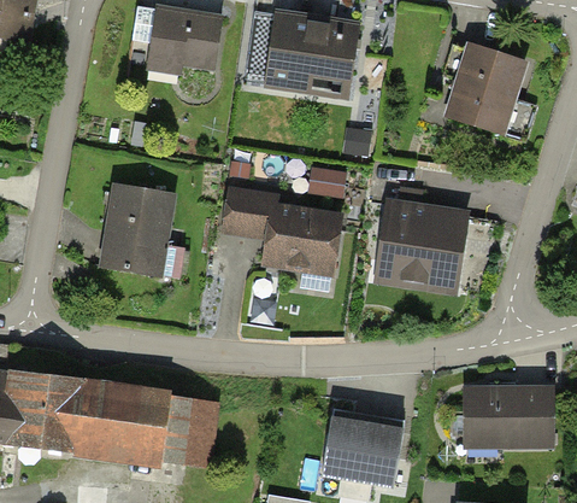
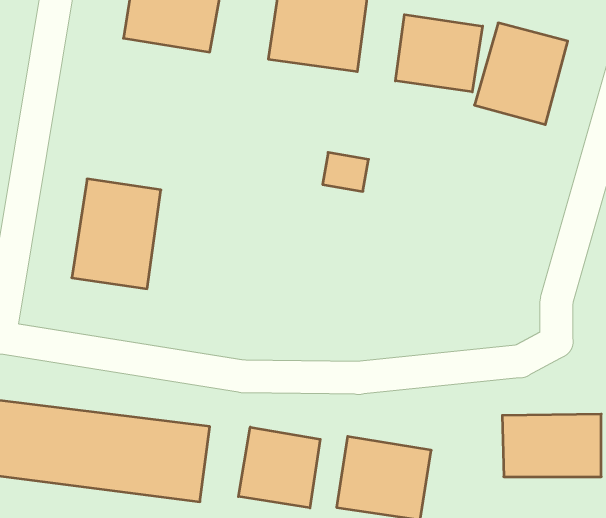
building: none -> [395,15,483,92]
building: [212,186,338,277] -> none
building: [375,200,471,291] -> none
building: none -> [238,427,320,508]

